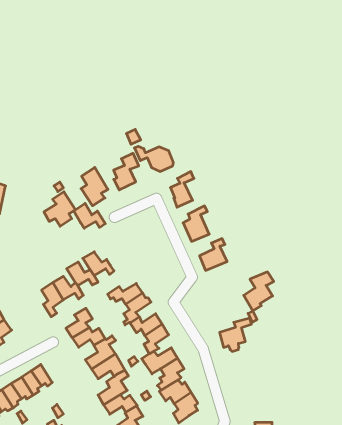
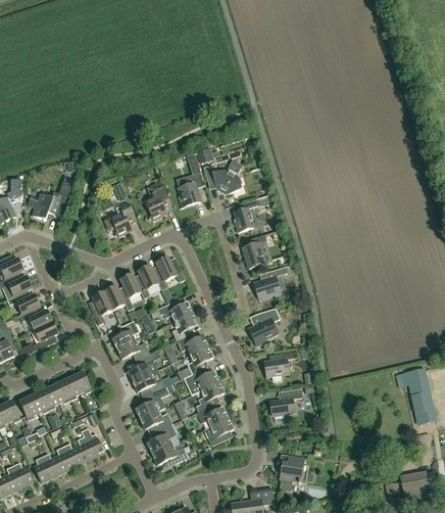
building: [74,203,105,228] -> [155,255,185,281]
building: [244,272,274,311] -> [248,308,280,344]
building: none -> [269,387,301,415]

